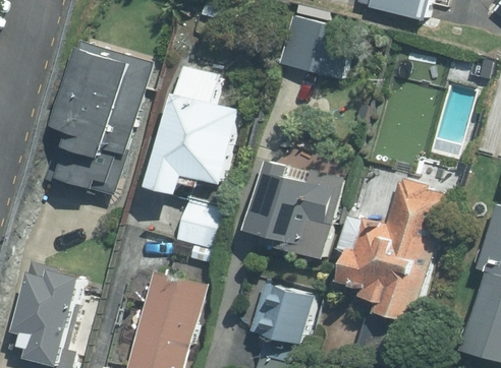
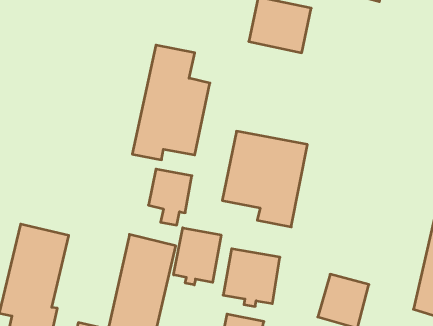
building: [45,41,152,190] -> none
building: [344,173,448,316] -> none
building: none -> [174,228,221,285]

